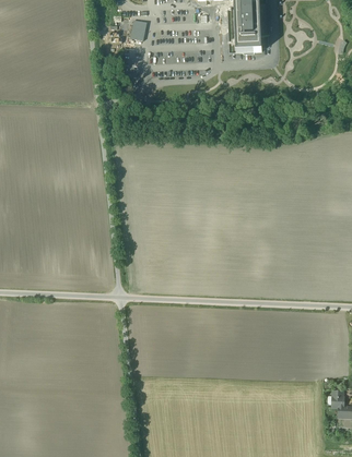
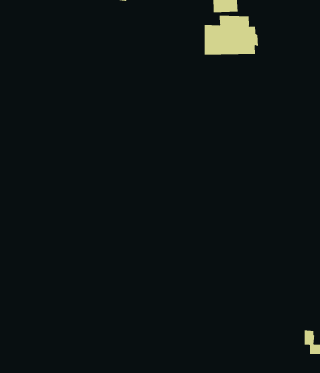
building: none -> [204,15,258,56]

